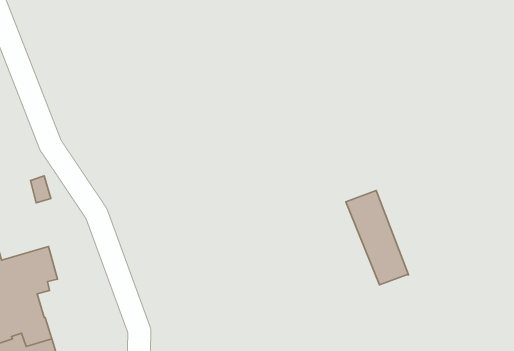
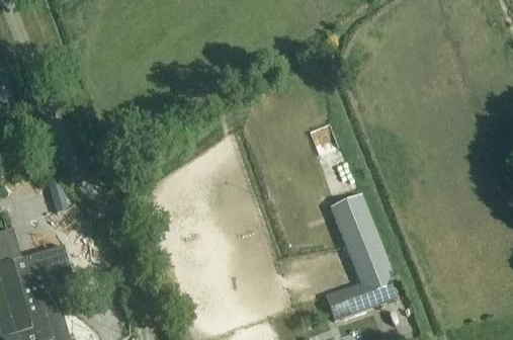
building: none -> [323,269,397,318]

